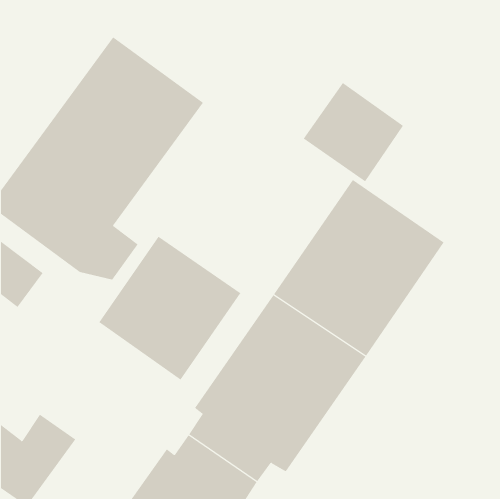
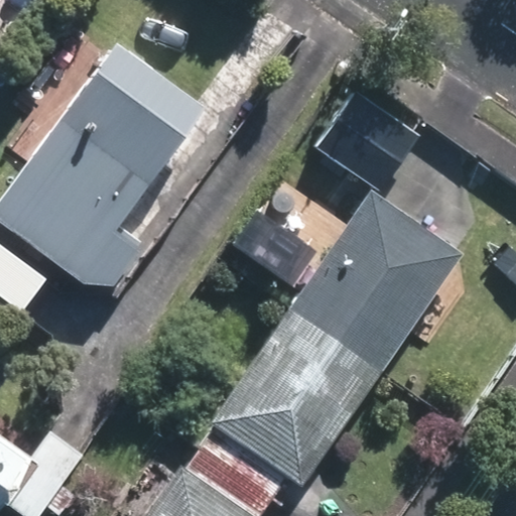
building: [99,236,241,380] -> none

